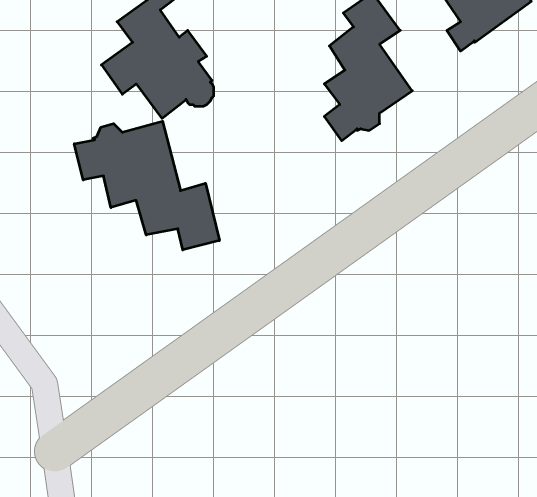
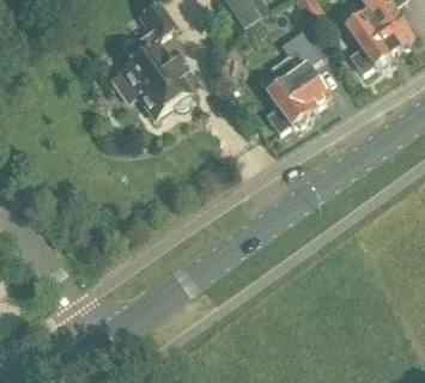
building: [74,121,219,250] -> none

